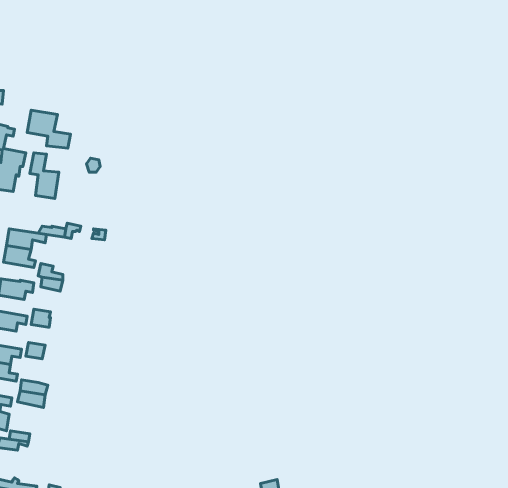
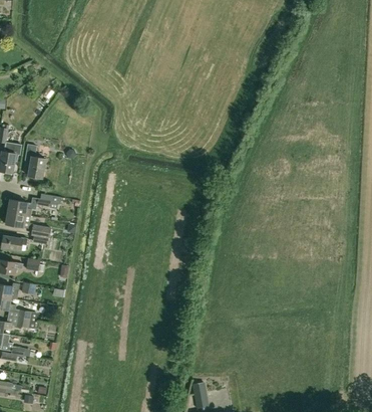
building: [27,110,70,148] -> none

